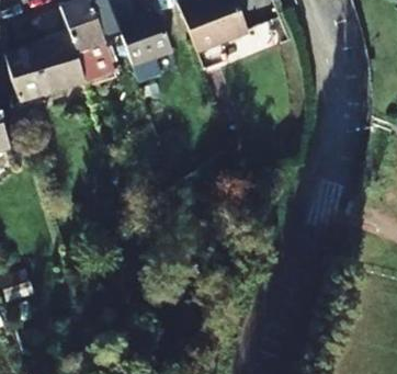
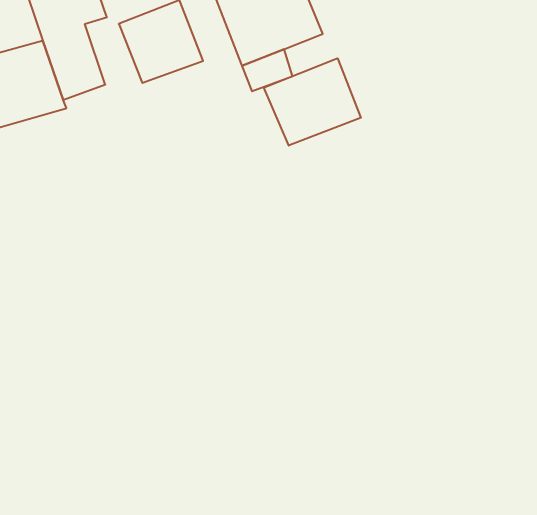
building: none -> [264,58,361,146]

